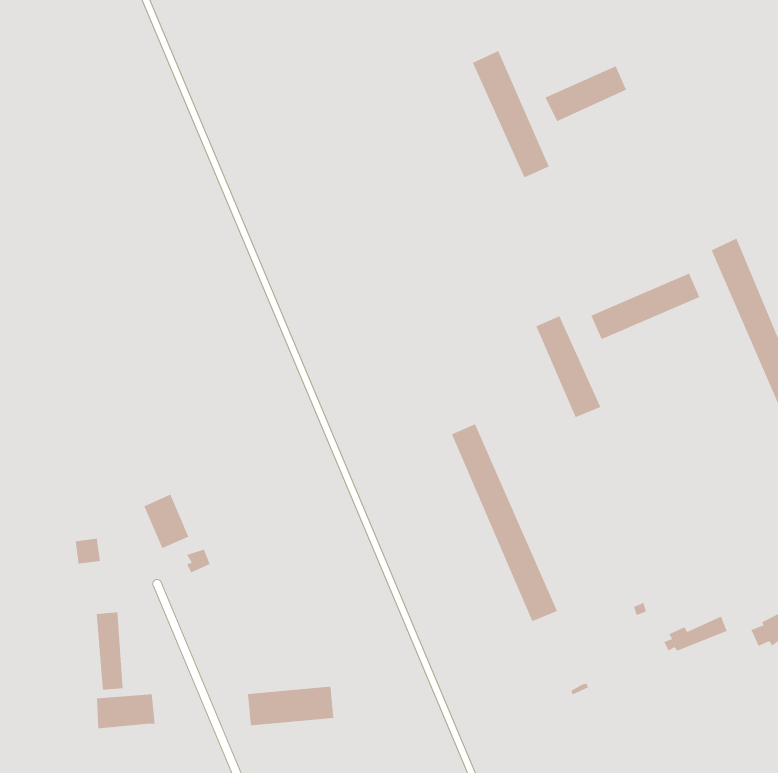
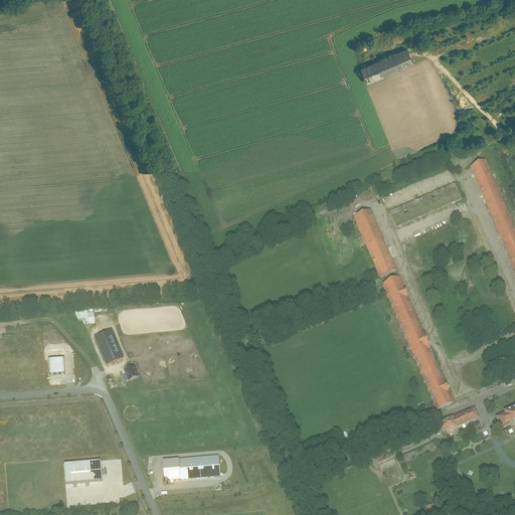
building: [472,50,549,178] -> none
building: [451,424,558,622] -> [383,277,454,407]
building: [96,611,123,690] -> none

